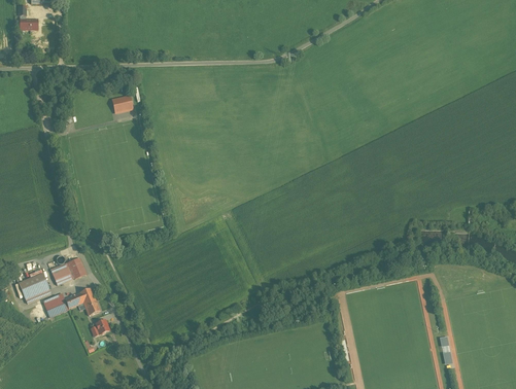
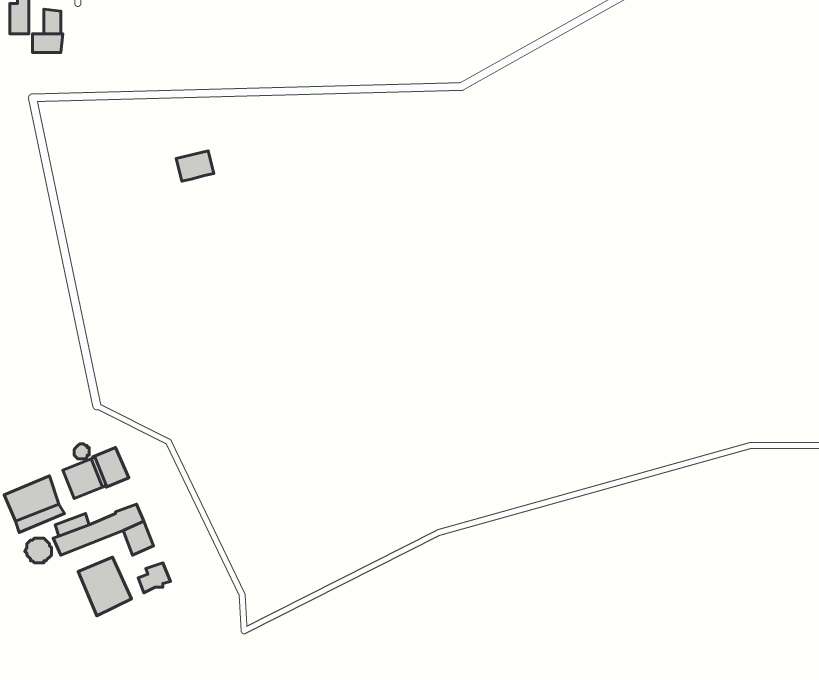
building: none -> [78,557,131,616]

